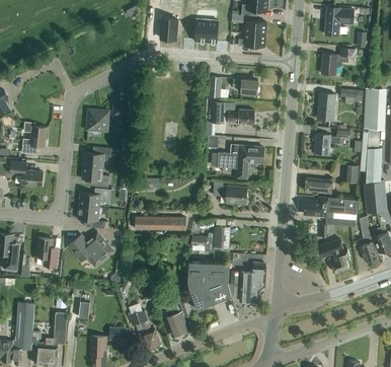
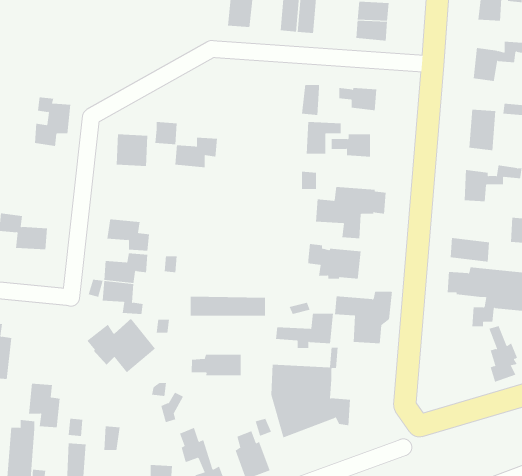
building: [22,122,47,154] -> [34,97,71,146]
building: [83,147,111,167] -> [175,137,218,168]
building: [36,237,58,267] -> [28,383,61,428]
building: none -> [191,354,241,376]
building: [228,268,266,302] -> [334,291,393,344]

